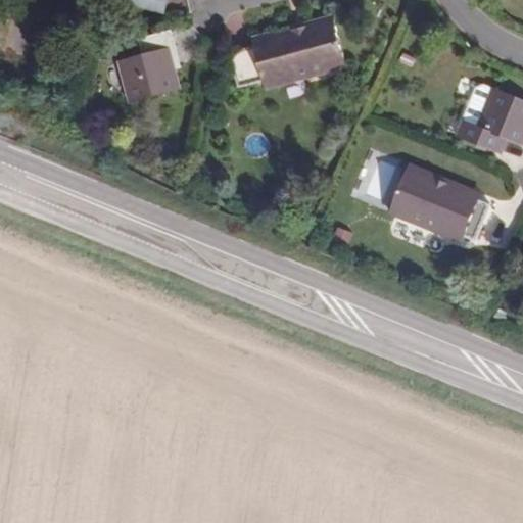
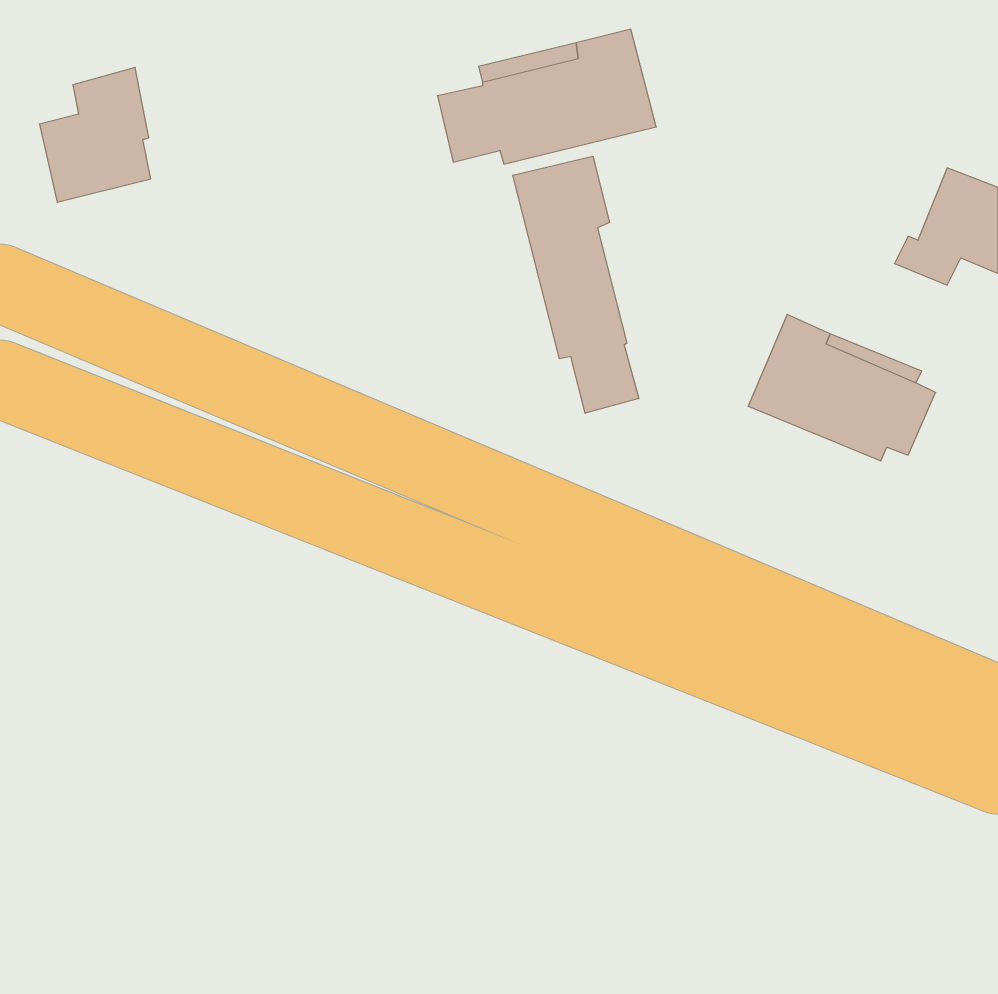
building: [117,31,176,101] -> [39,67,151,202]
building: none -> [513,156,639,413]

